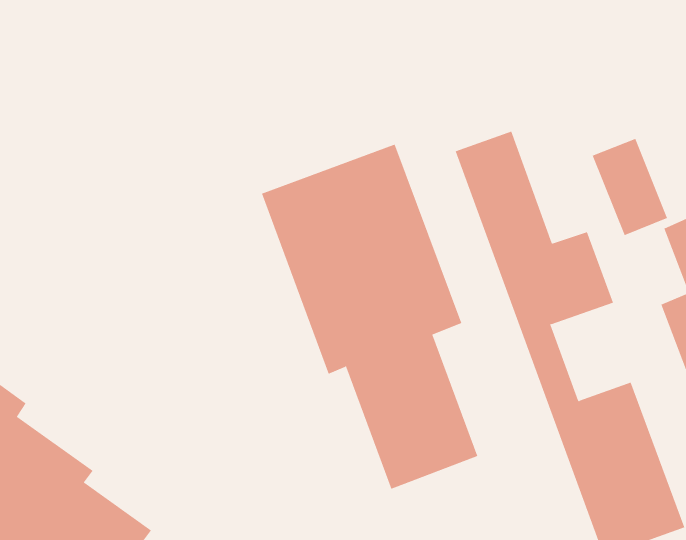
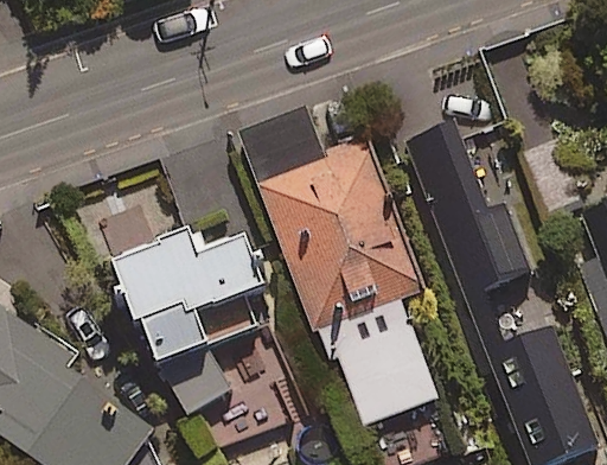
building: none -> [104,227,269,405]

